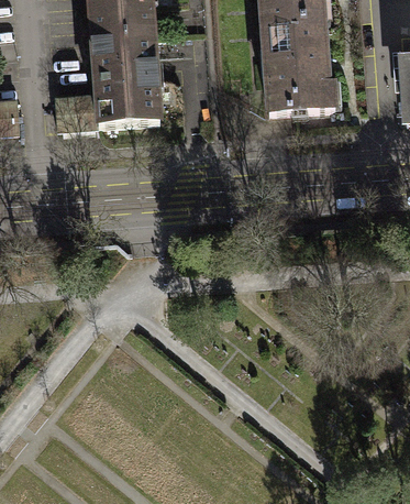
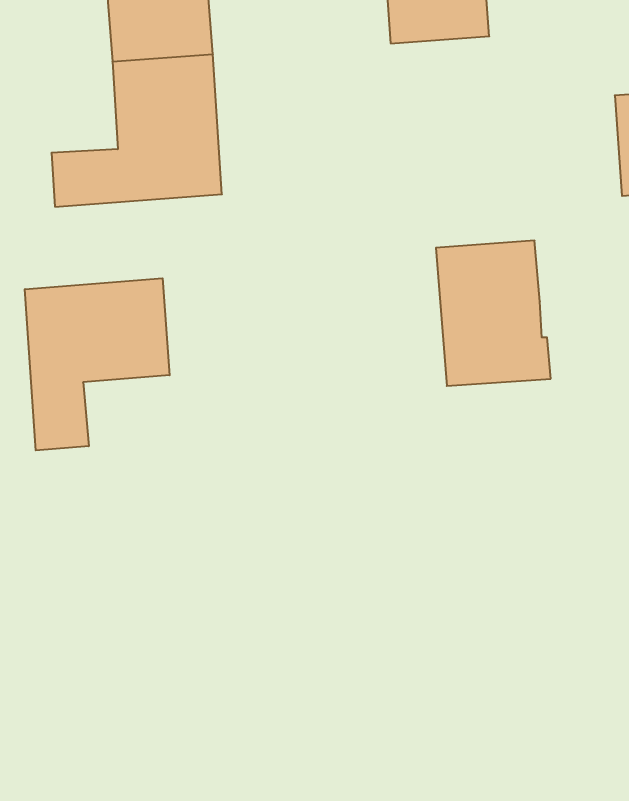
building: [263,23,333,112] -> [436,241,551,386]
building: none -> [25,278,170,450]

